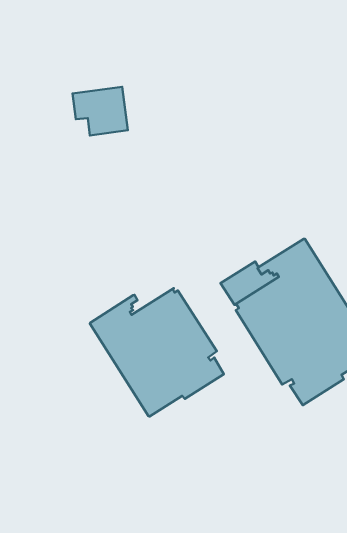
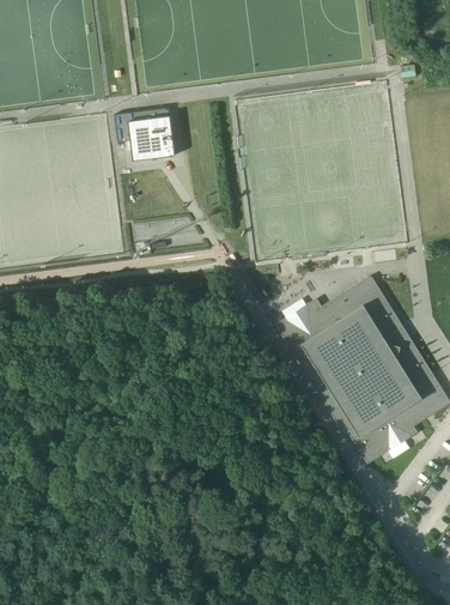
building: [90,288,224,417] -> none

